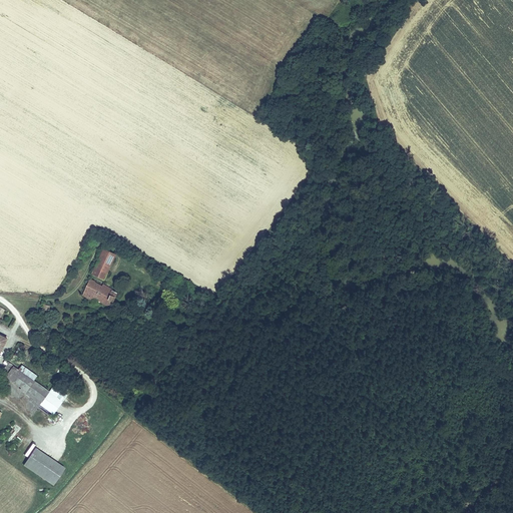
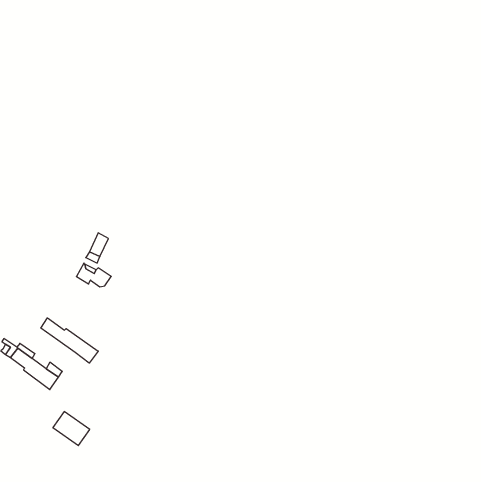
building: none -> [41,318,98,363]
building: [23,448,62,484] -> [53,412,90,446]

